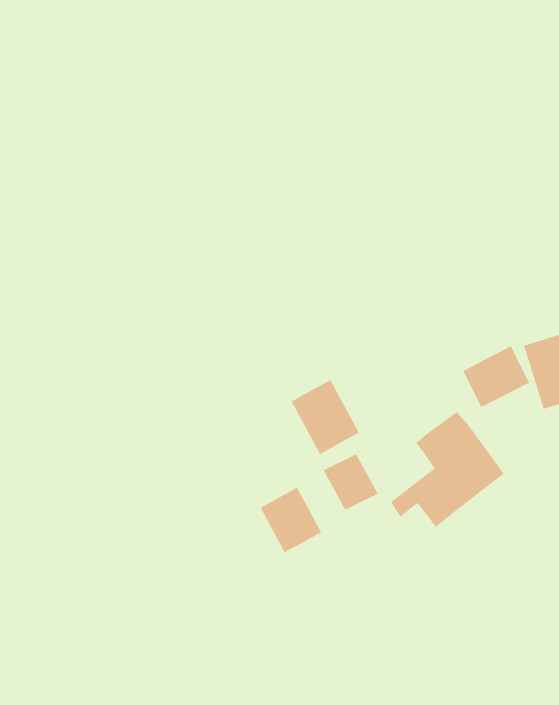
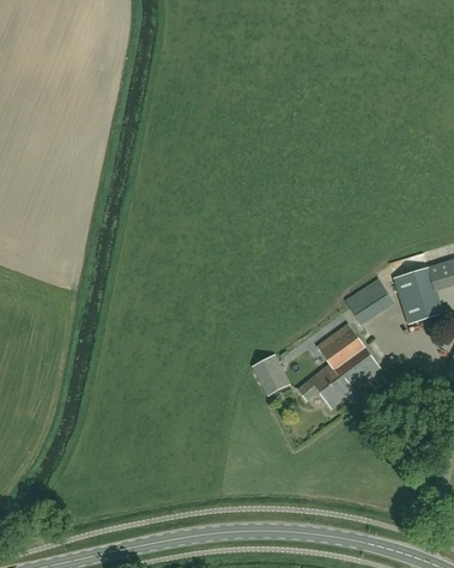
building: [291,379,359,455] -> none
building: [260,487,322,553] -> none

